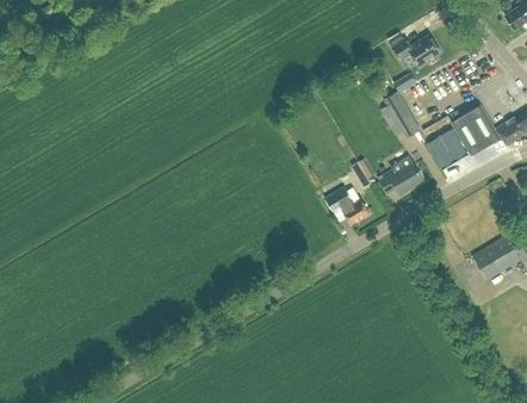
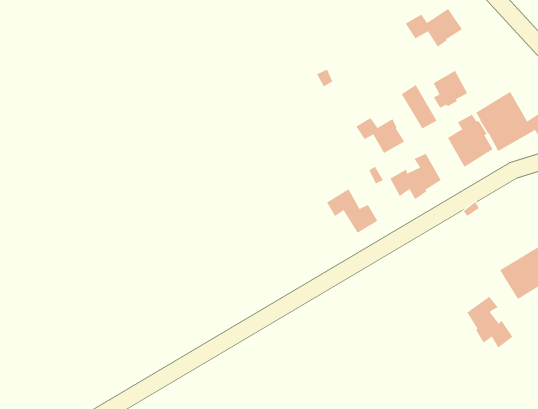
building: none -> [433,70,468,109]
building: none -> [355,117,405,154]
building: none -> [466,296,513,349]

